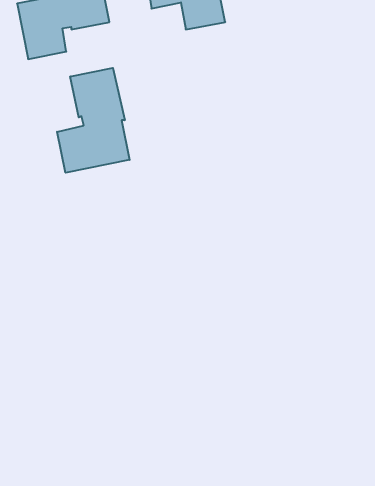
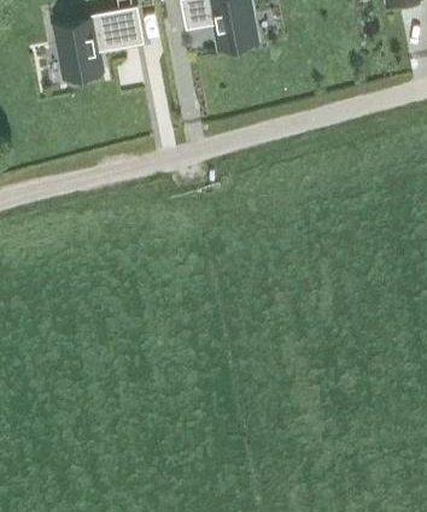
building: [57,68,130,173] -> none

